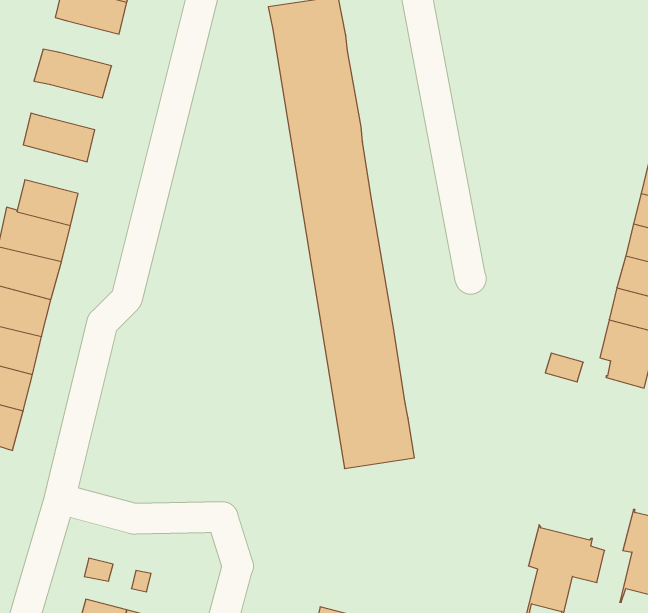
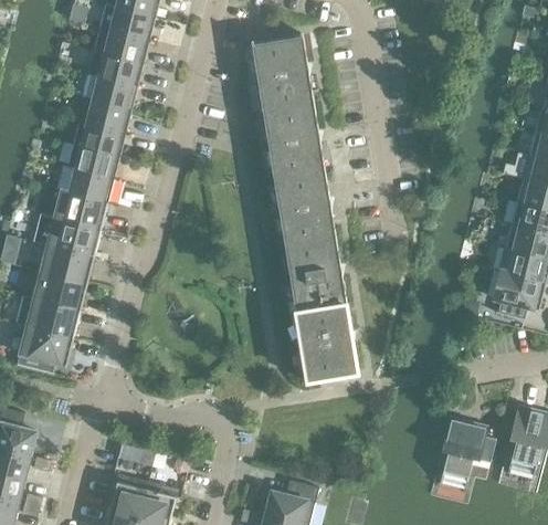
building: none -> [98,53,143,86]
building: none -> [86,99,130,133]
building: none -> [66,144,119,179]

